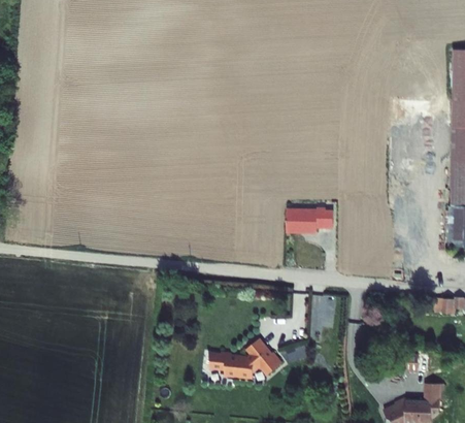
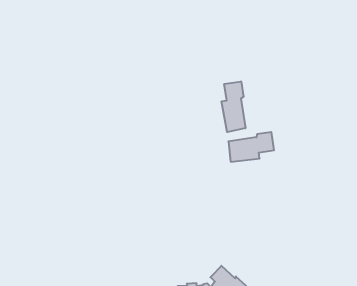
building: none -> [222,81,245,132]

